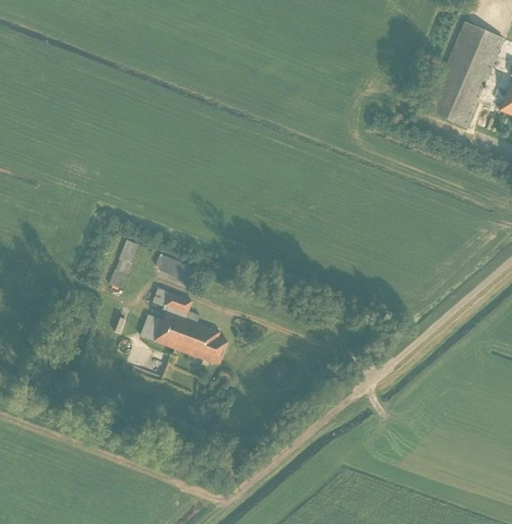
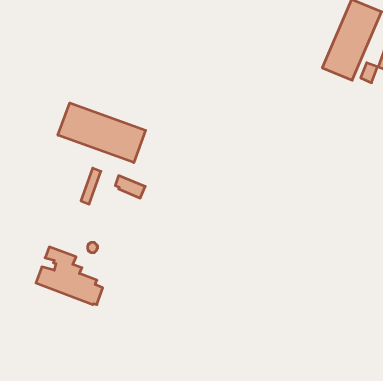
building: none -> [58,103,146,163]
building: [140,288,227,364] -> [36,247,103,305]

